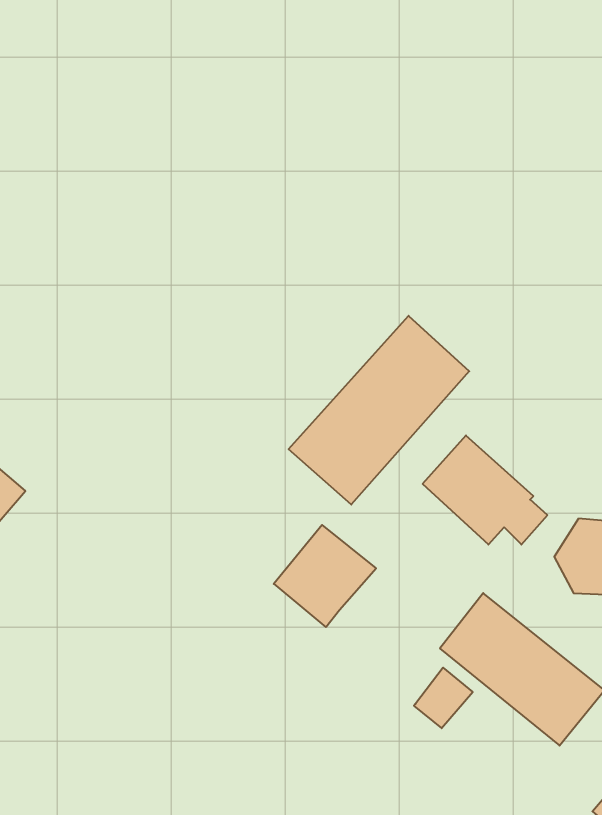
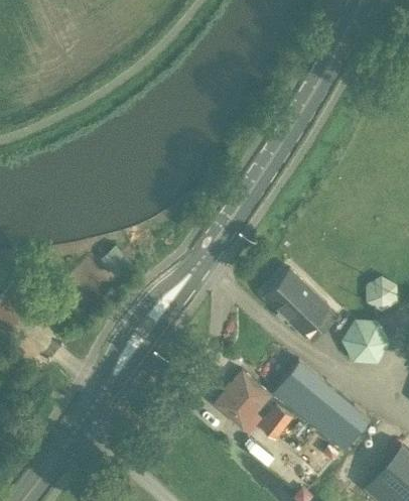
building: [289,316,469,505] -> none
building: [274,525,376,627] -> [214,371,273,430]

